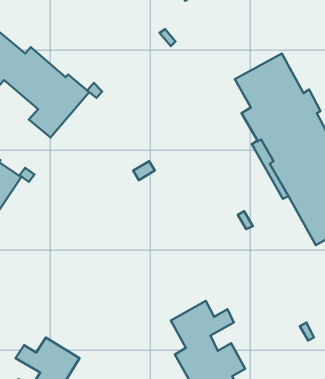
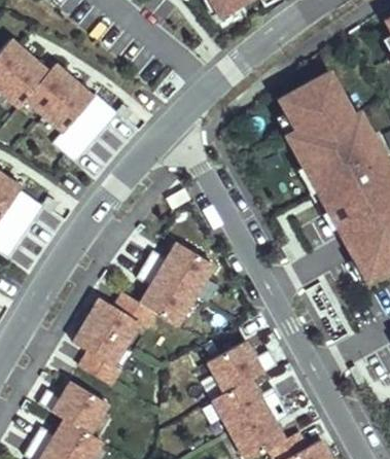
building: none -> [73,242,214,385]

